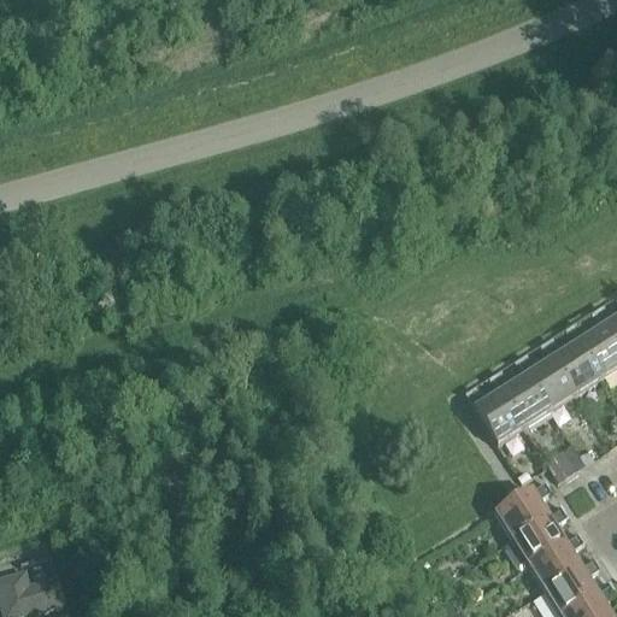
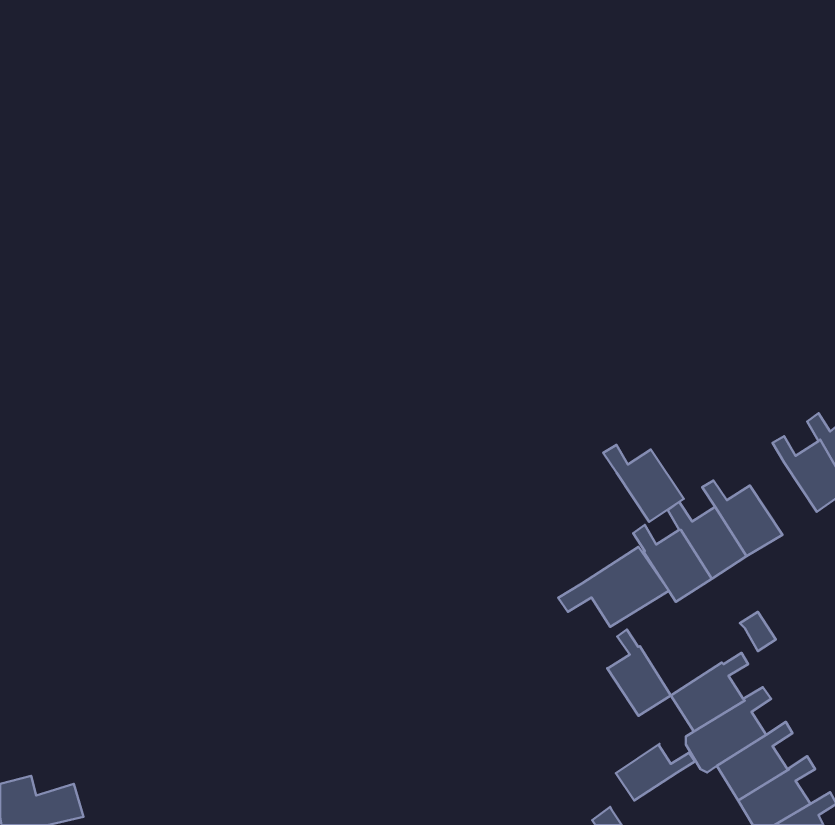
building: [543,336,603,393] -> [603,445,684,522]
building: none -> [558,547,669,627]
building: none -> [607,629,671,716]
building: none -> [616,744,695,800]

